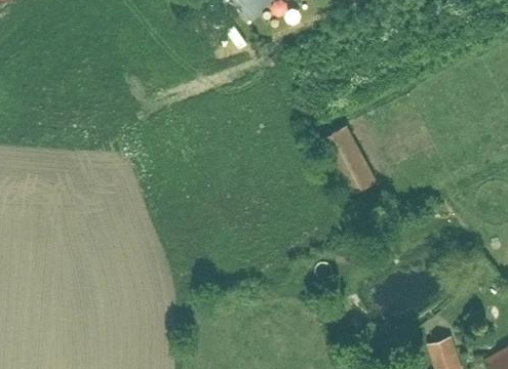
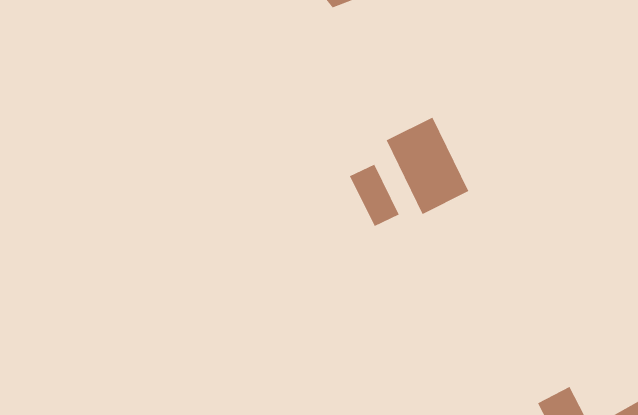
building: none -> [349,164,399,227]

